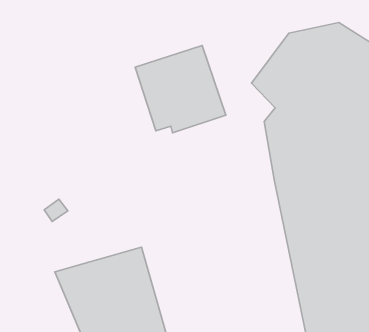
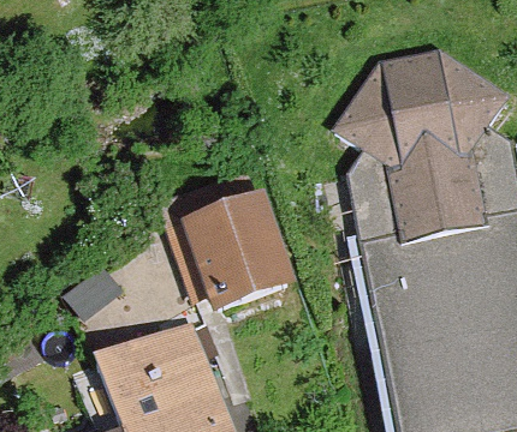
building: [135,46,226,133] -> [178,199,289,306]

